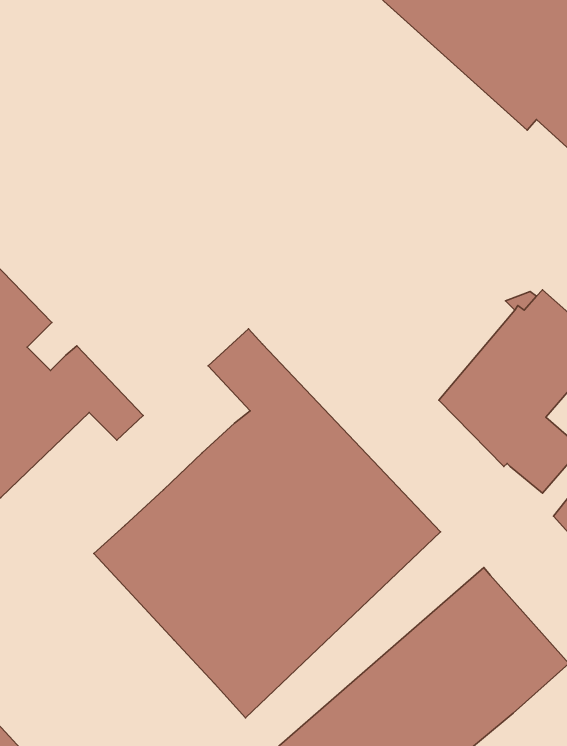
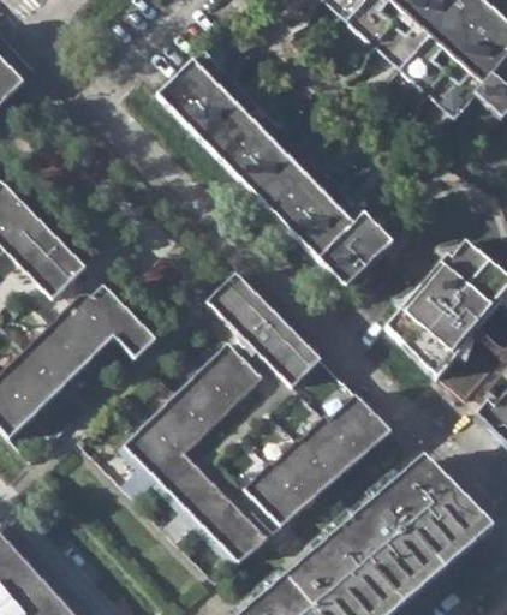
building: none -> [157,48,393,286]

